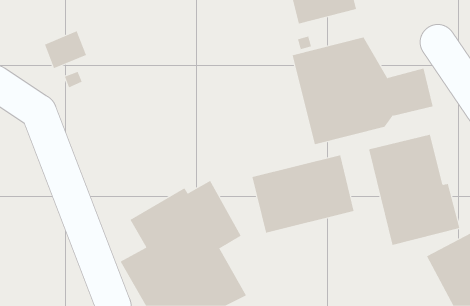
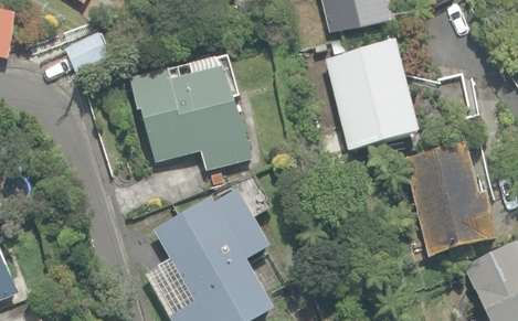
building: none -> [128,55,251,173]
building: [252,154,354,234] -> none

